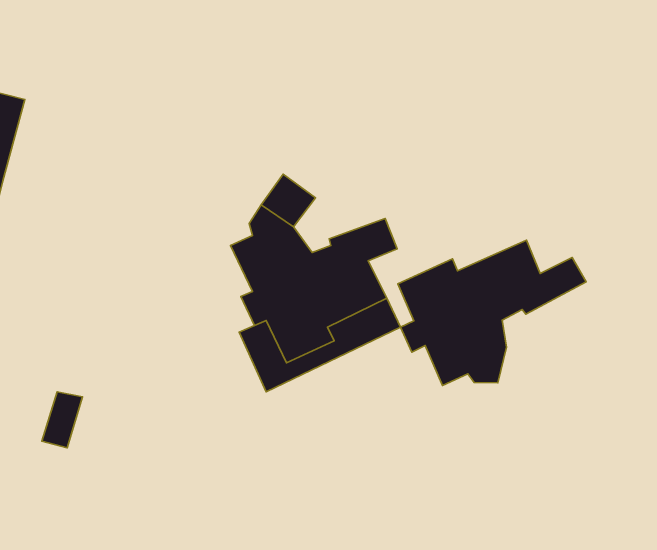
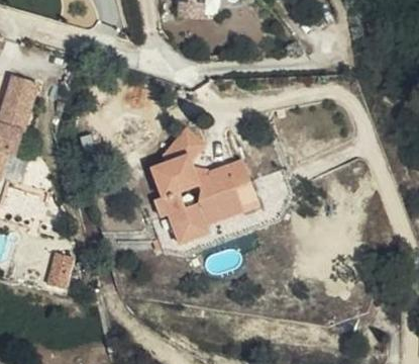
building: [398,240,586,386] -> none

